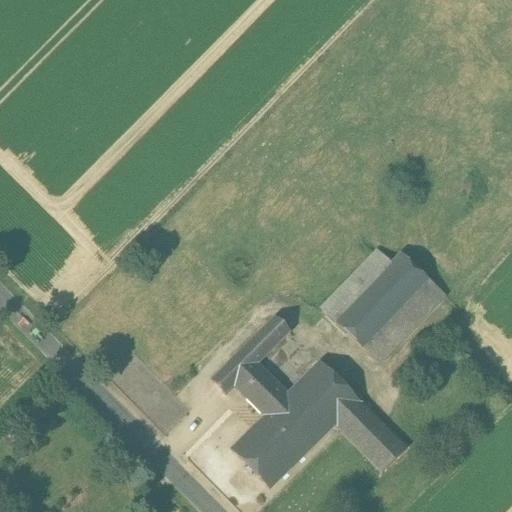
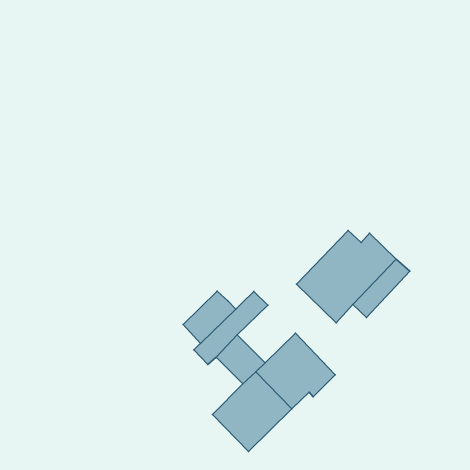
building: none -> [183,291,236,343]
building: [366,329,399,362] -> none
building: [341,405,408,471] -> none

